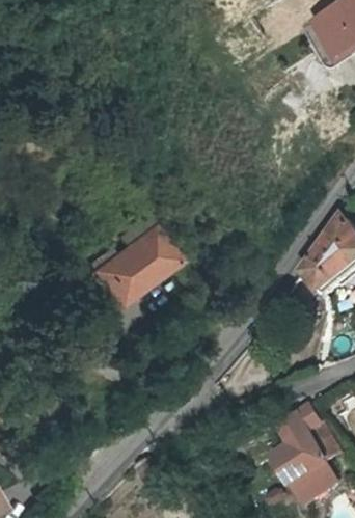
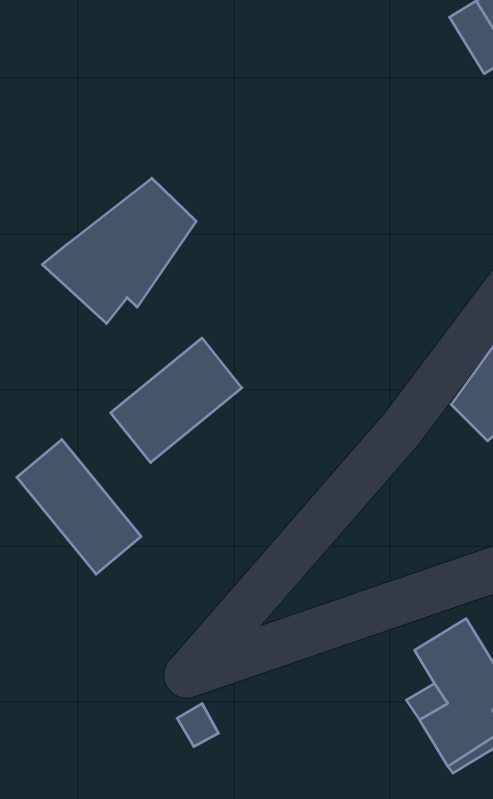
building: none -> [42,178,196,324]
building: none -> [17,439,141,574]

